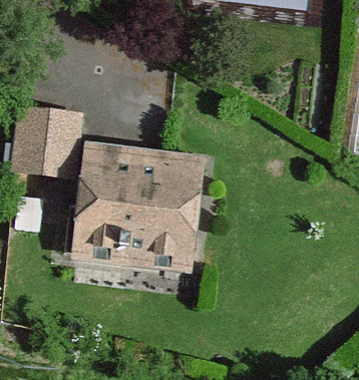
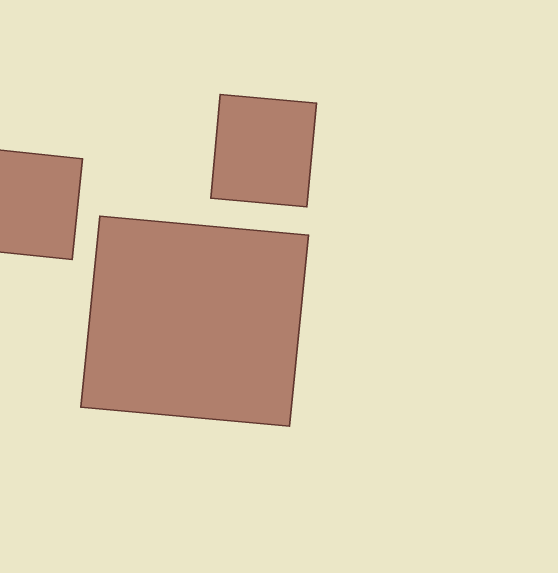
building: none -> [211,94,316,207]

